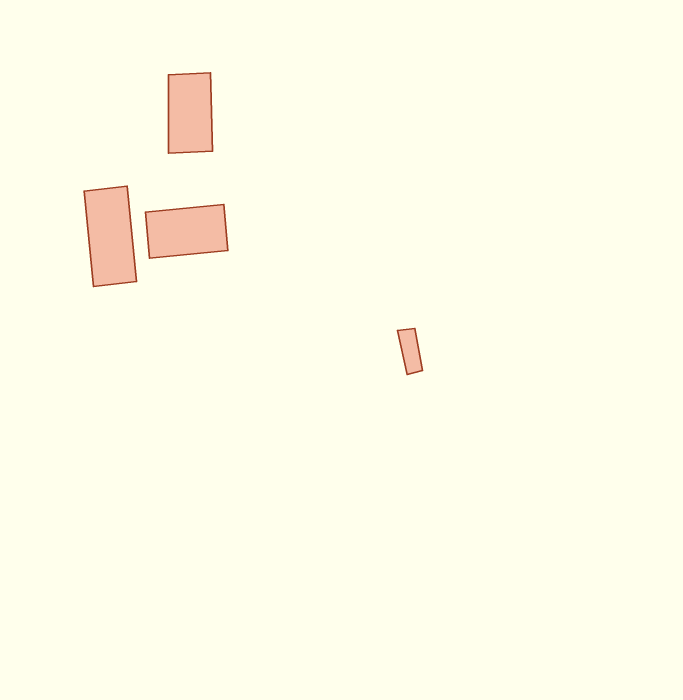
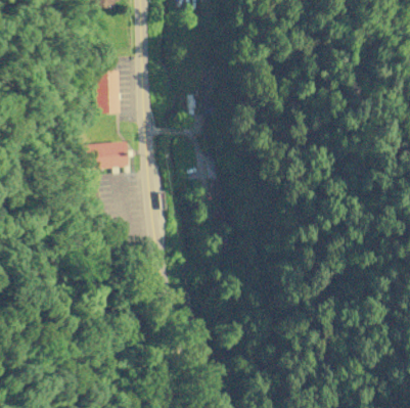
building: [84,186,137,287] -> none

